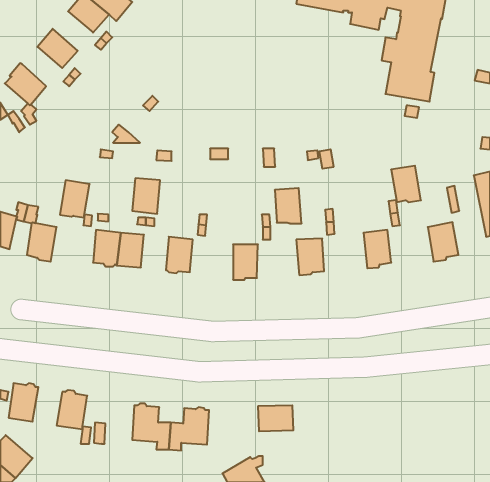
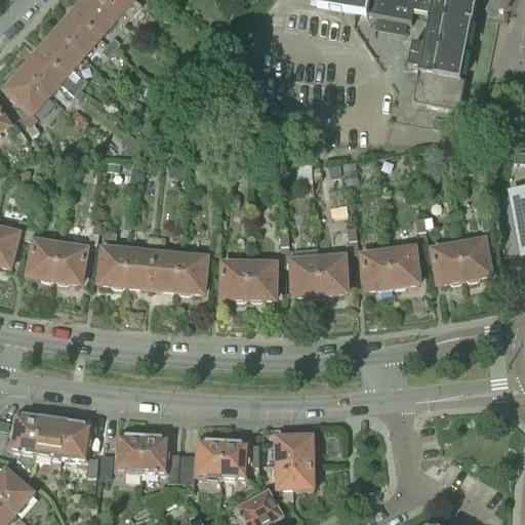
building: none -> [56,12,99,54]
building: none -> [24,50,67,92]
building: [391,166,421,202] -> [432,243,463,282]
building: [132,178,160,214] -> [151,251,180,289]
building: [60,180,90,218] -> [54,243,86,283]
building: [275,188,302,223] -> [291,256,320,294]
building: none -> [362,249,393,288]
building: none -> [221,260,249,299]
building: none -> [35,413,67,455]
building: none -> [115,431,144,471]
building: none -> [221,437,250,477]
building: none -> [270,460,314,499]

